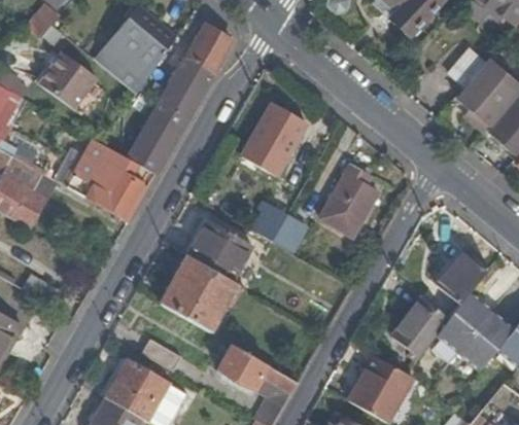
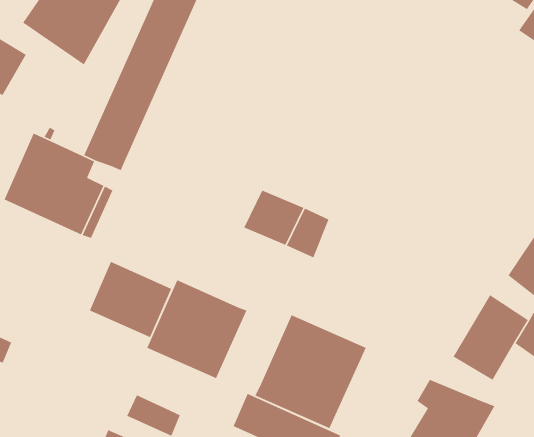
building: [243,110,307,174] -> none
building: [319,165,378,237] -> none
building: [188,221,251,281] -> [89,261,172,338]
building: none -> [254,314,367,429]

